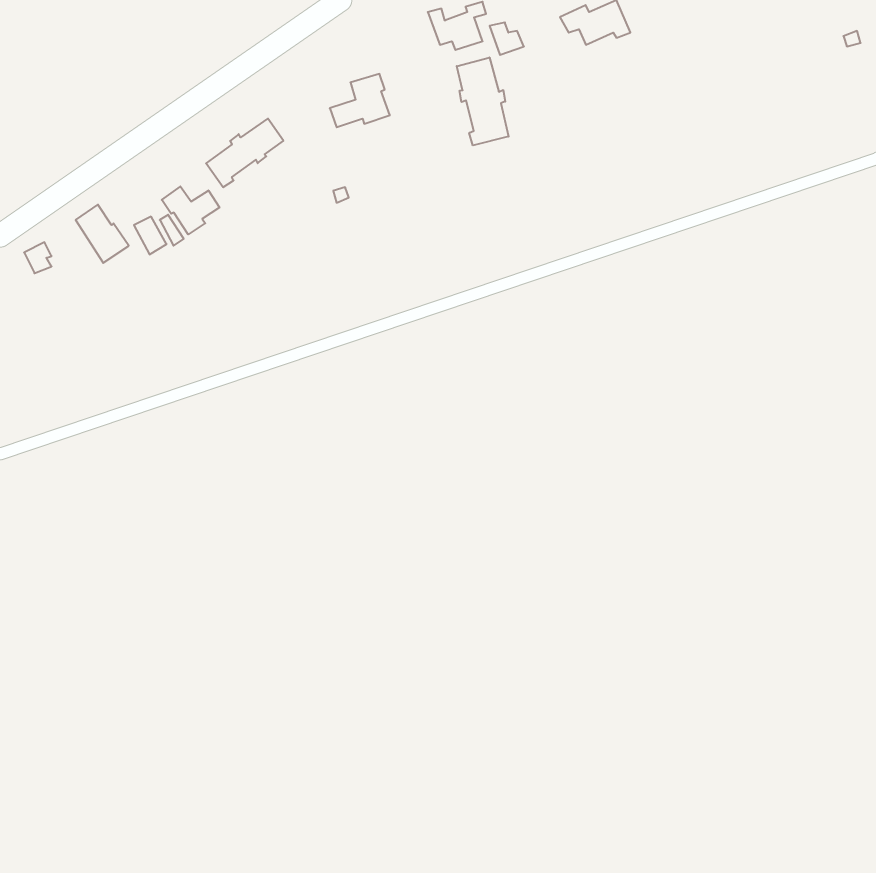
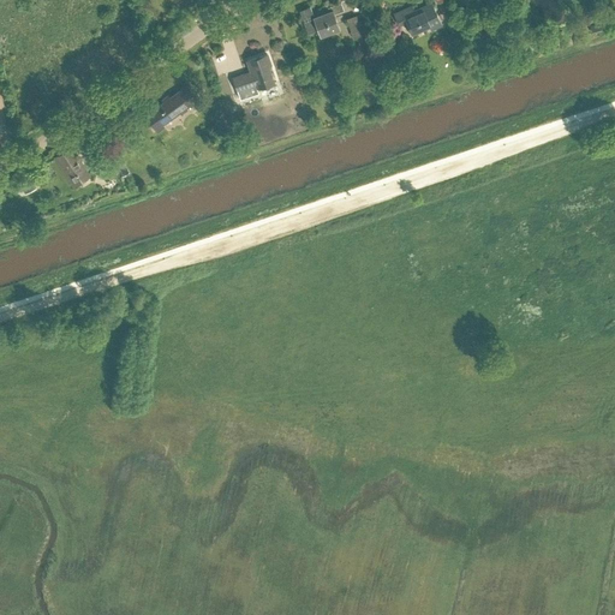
building: [457,57,509,145] -> none
building: [162,186,219,234] -> none

